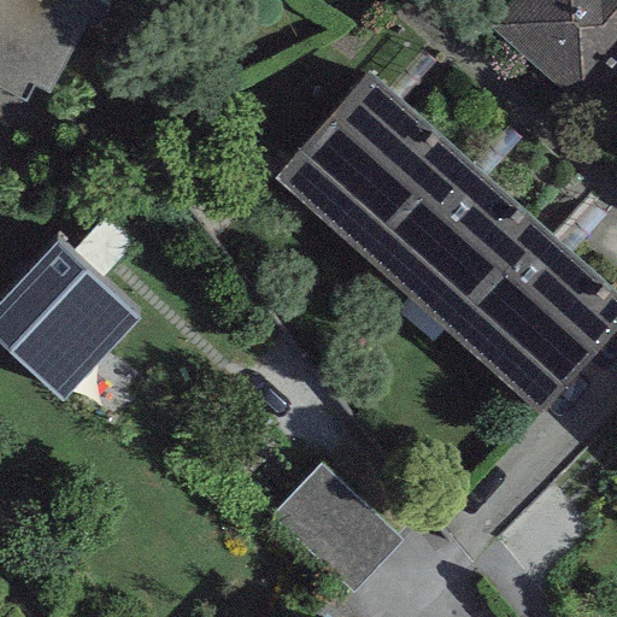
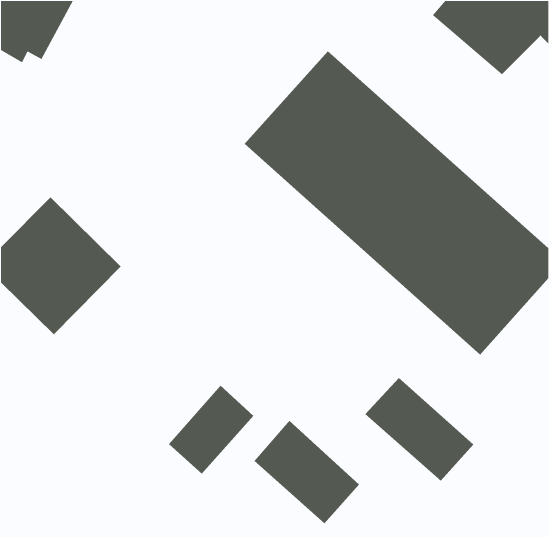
building: none -> [364,377,474,481]
building: none -> [168,385,254,474]

